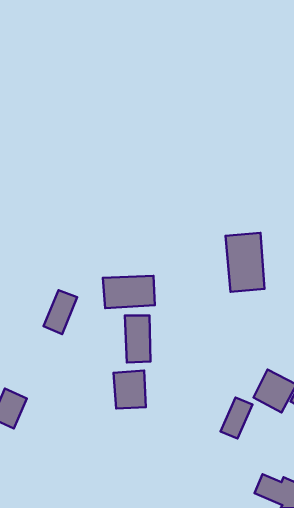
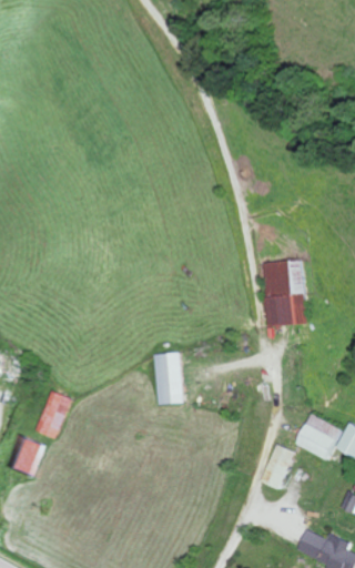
building: [103,276,155,308] -> none
building: [43,290,77,334] -> [36,390,73,439]
building: [114,371,146,408] -> none

